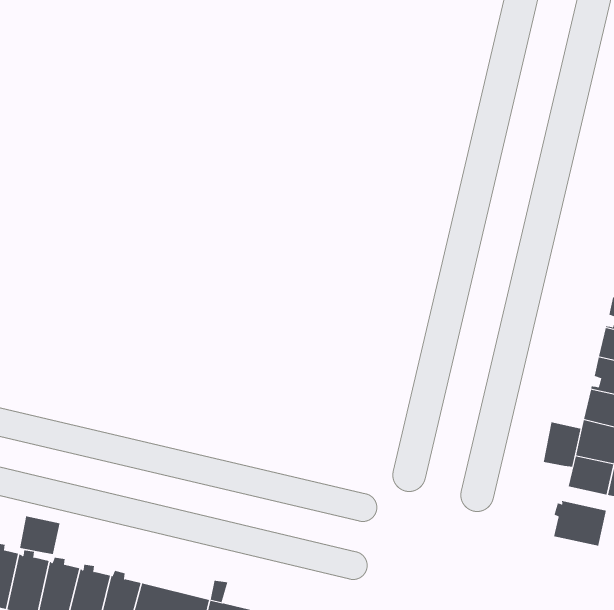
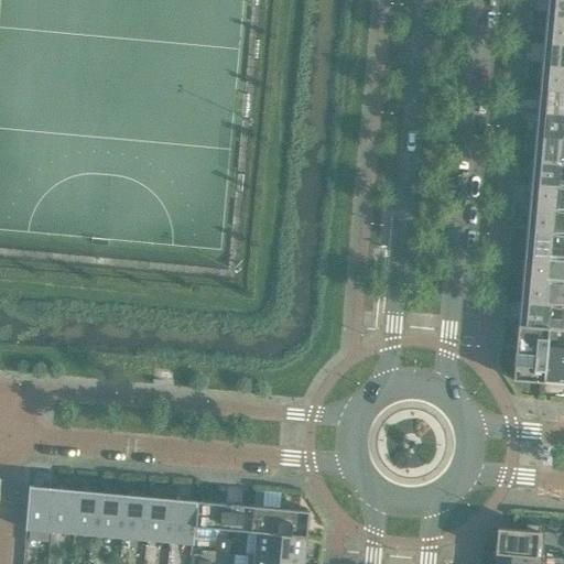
building: [543,422,581,468] -> none
building: [553,500,607,547] -> none
building: [20,515,60,555] -> none

